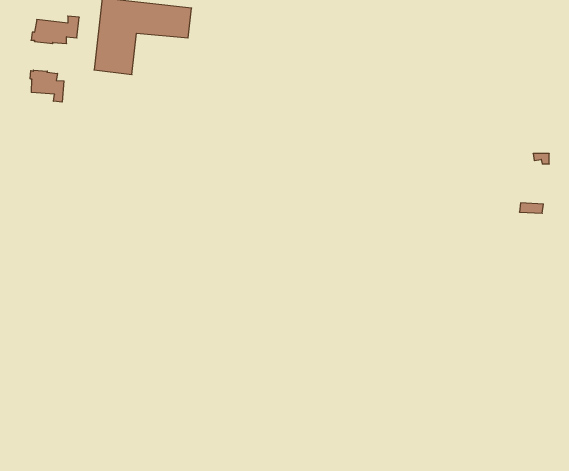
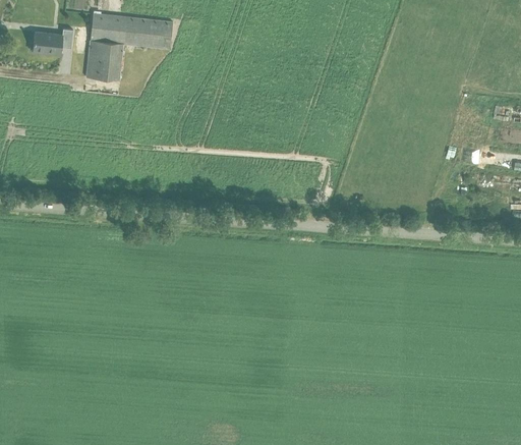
building: [30,70,64,102] -> none

